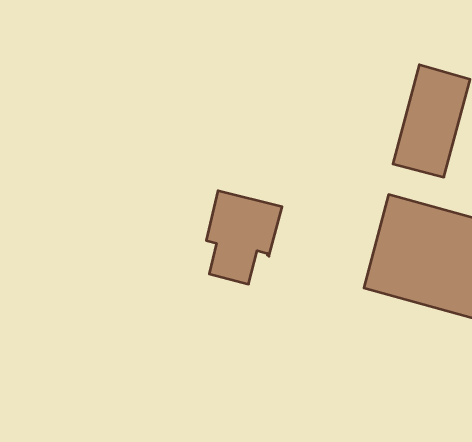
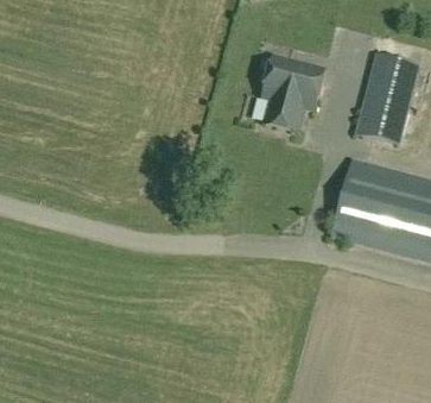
building: [206,191,282,284] -> [260,57,322,133]

